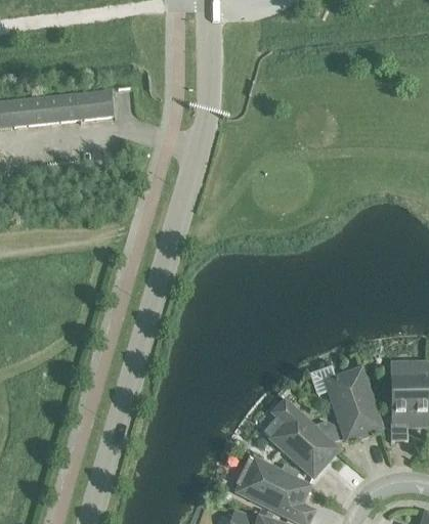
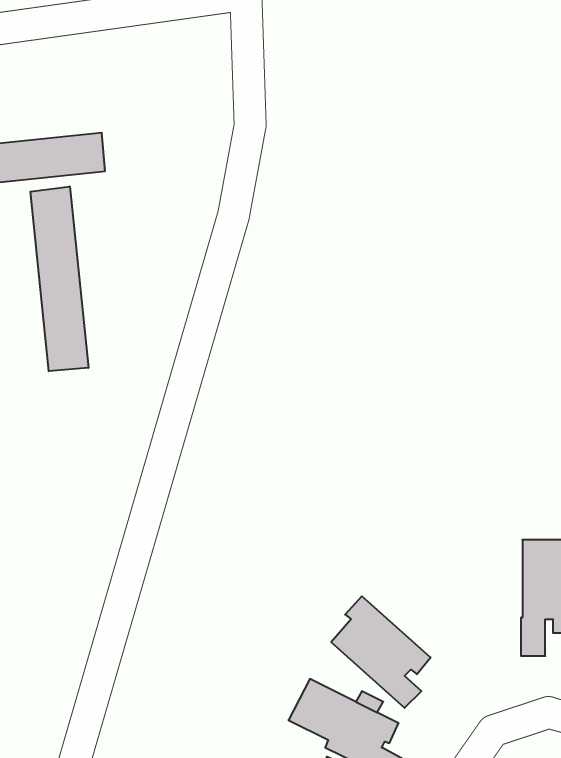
building: none -> [30,186,88,371]
building: [332,367,381,439] -> none

